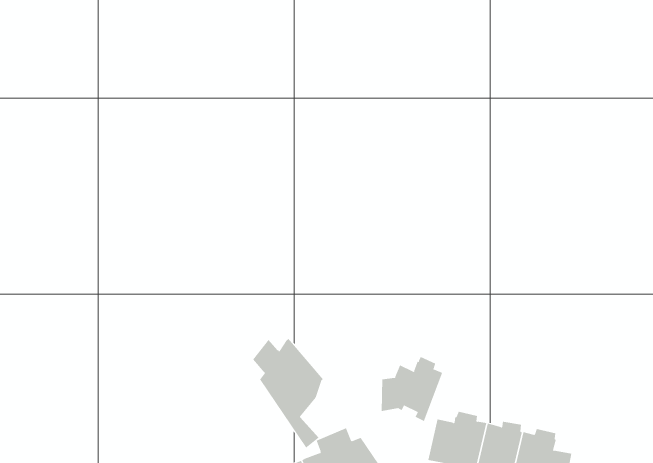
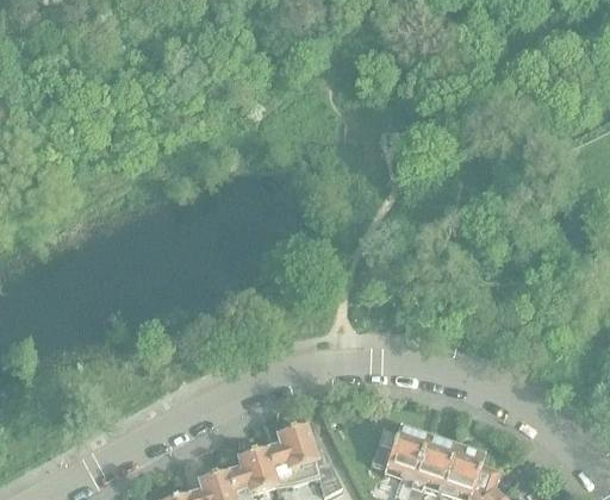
building: [252,338,324,448] -> none
building: [381,356,443,422] -> none

